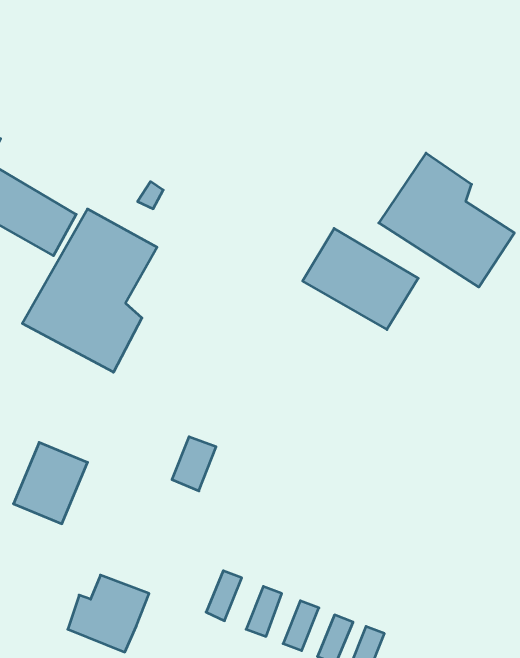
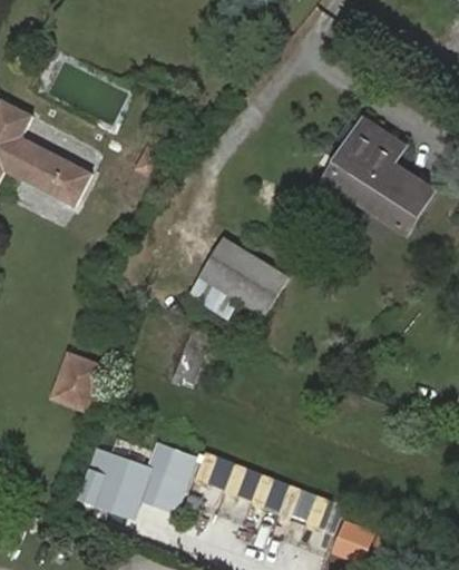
building: [22,209,157,372] -> none
building: [303,228,418,330] -> [197,236,287,315]
building: none -> [137,444,193,511]

